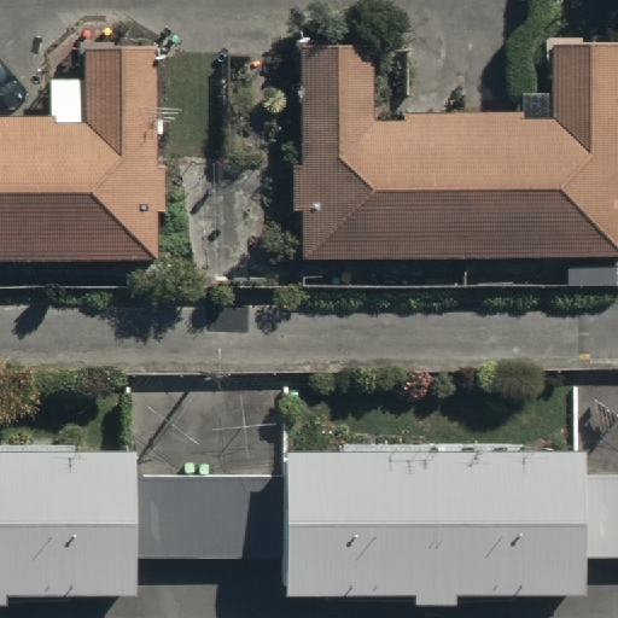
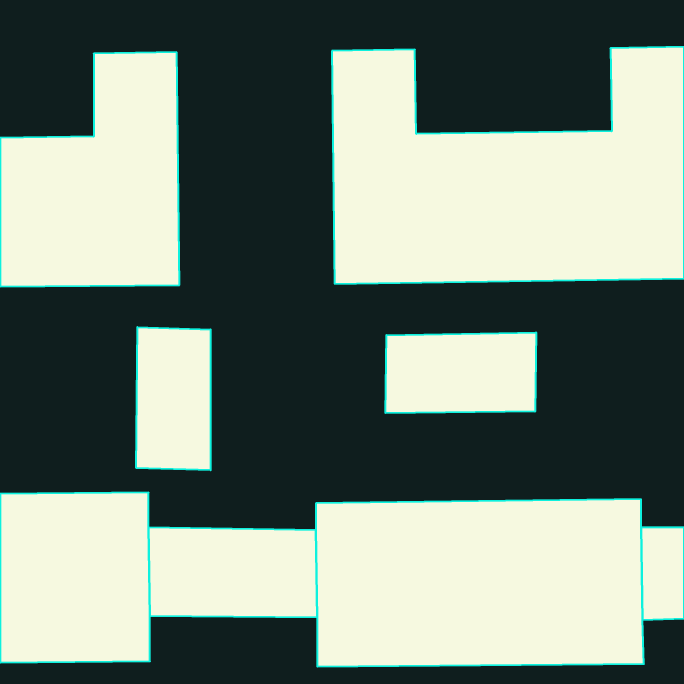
building: none -> [136,327,211,470]
building: none -> [385,332,536,413]

